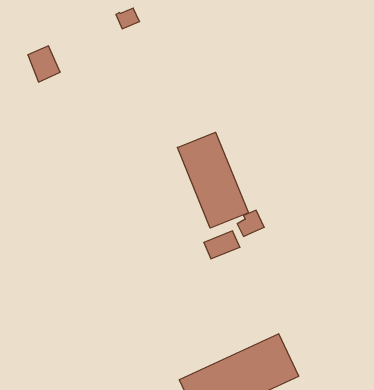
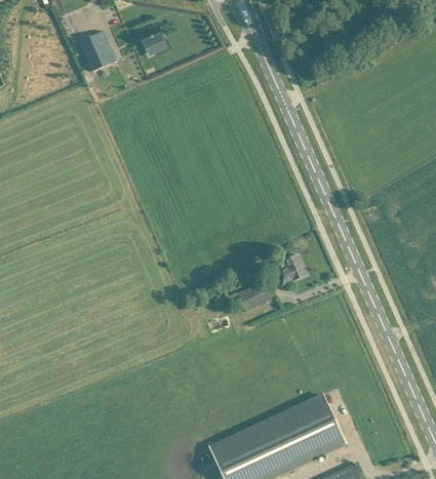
building: [28,46,60,82] -> [79,31,116,72]
building: [177,132,248,228] -> none

